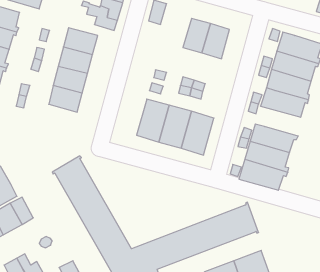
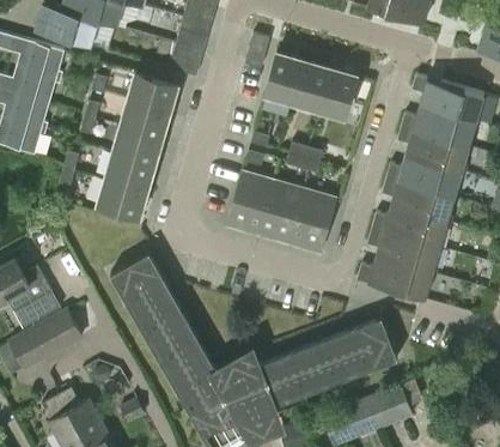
building: none -> [263,53,303,101]
building: none -> [97,180,144,218]
building: none -> [391,182,455,224]

